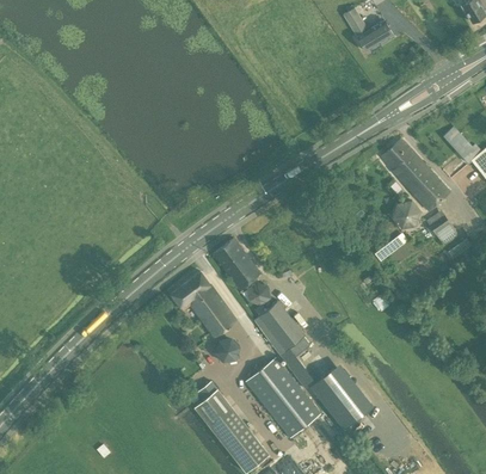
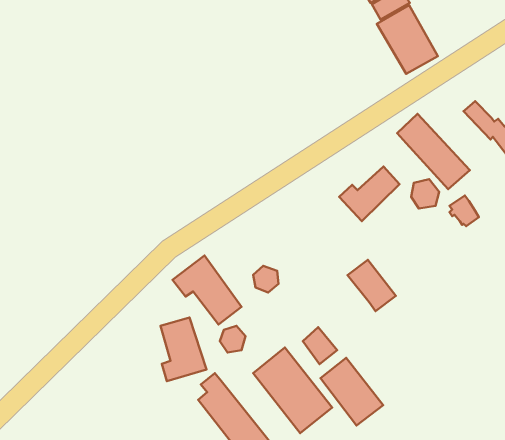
building: none -> [377,5,438,74]
building: none -> [339,166,400,221]
building: [214,239,259,288] -> none
building: [258,301,303,349] -> [347,260,396,311]
building: none -> [160,318,206,381]

